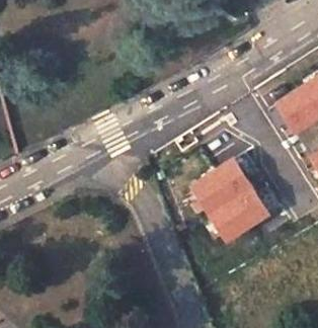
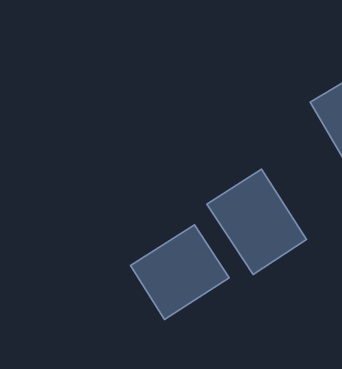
building: none -> [130,225,229,320]

